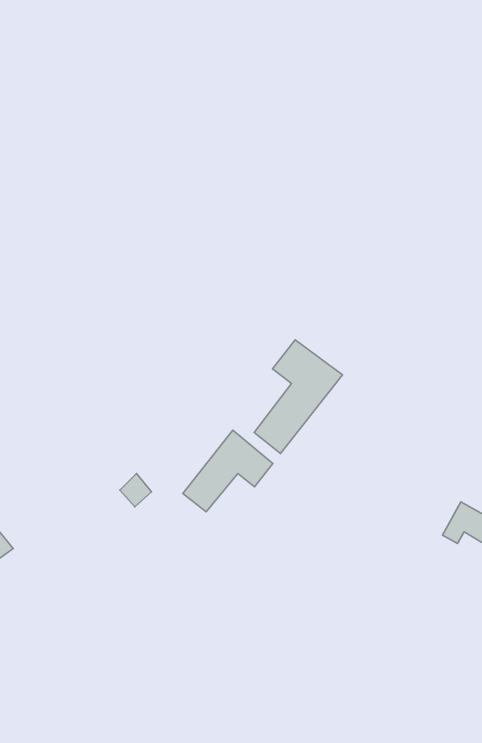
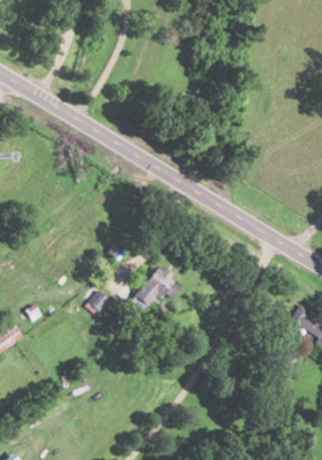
building: [254,340,342,453] -> none

